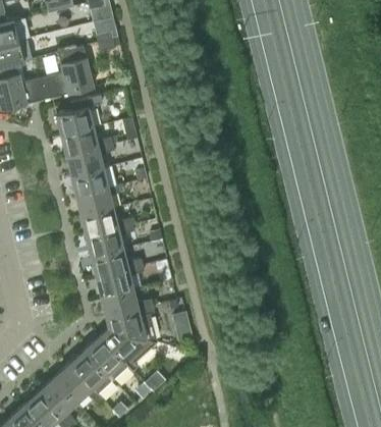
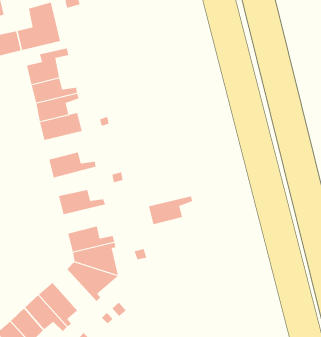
building: [75,184,124,216] -> none
building: [86,224,134,256] -> none
building: [96,265,145,297] -> [148,196,193,225]
building: [85,335,132,380] -> none

